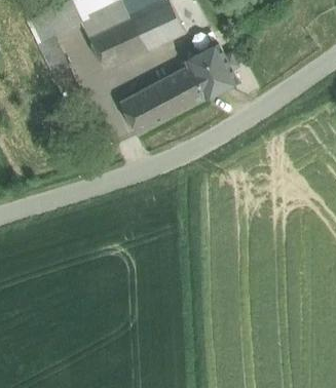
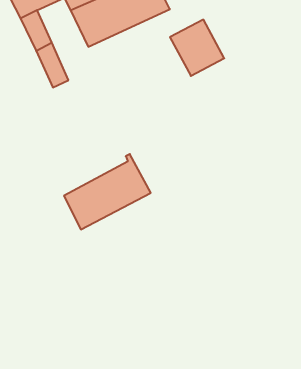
building: [120,60,206,133] -> [64,154,151,229]

